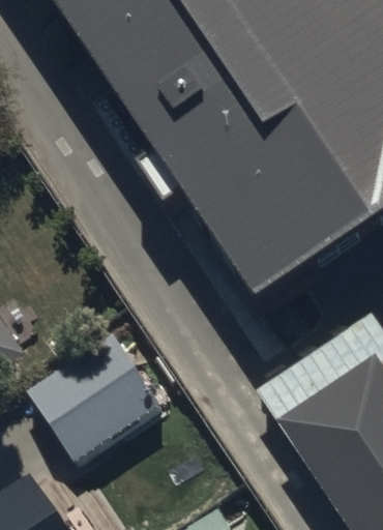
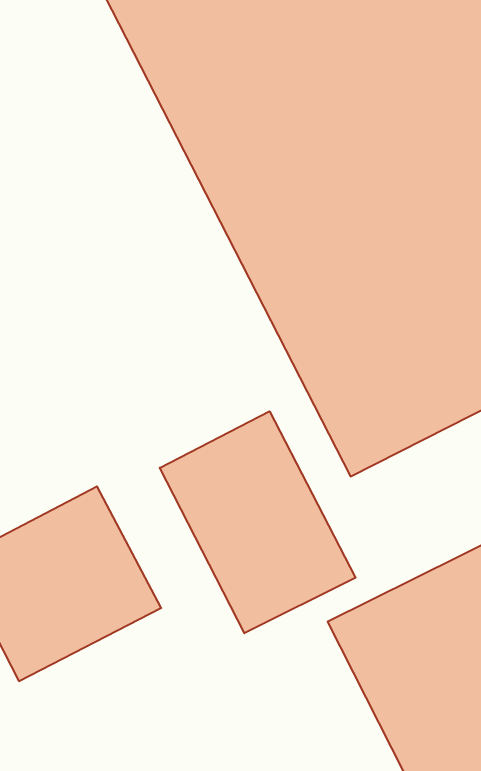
building: none -> [160,411,356,633]

